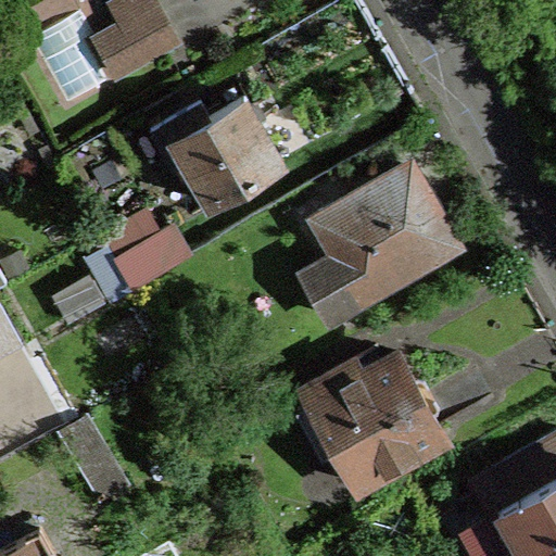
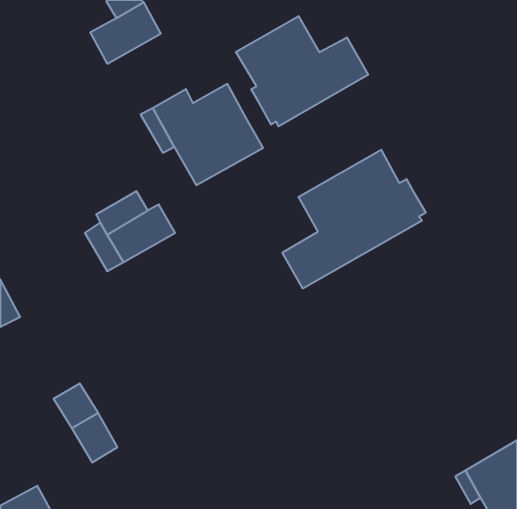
building: none -> [236,16,368,126]
building: [296,356,445,489] -> none

